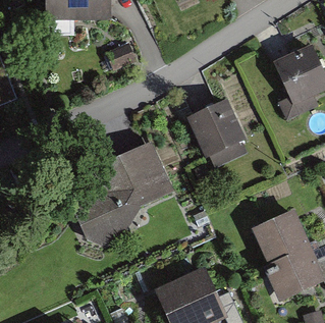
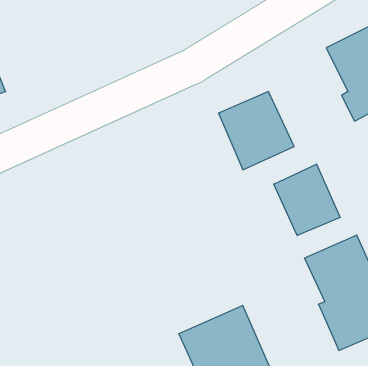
building: [72,141,170,243] -> none
building: none -> [274,164,340,236]

